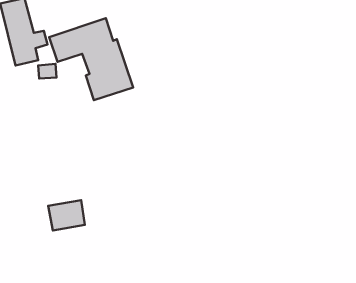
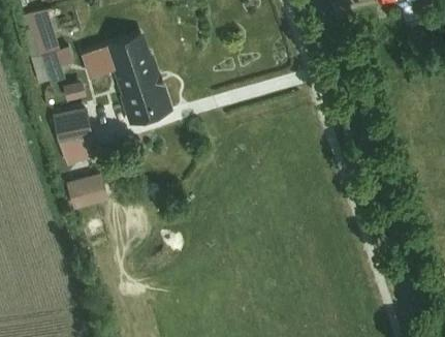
building: none -> [53,106,99,166]
building: [48,200,85,230] -> [67,176,108,210]

